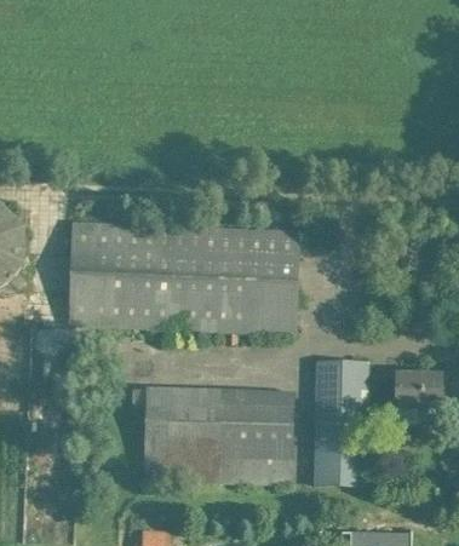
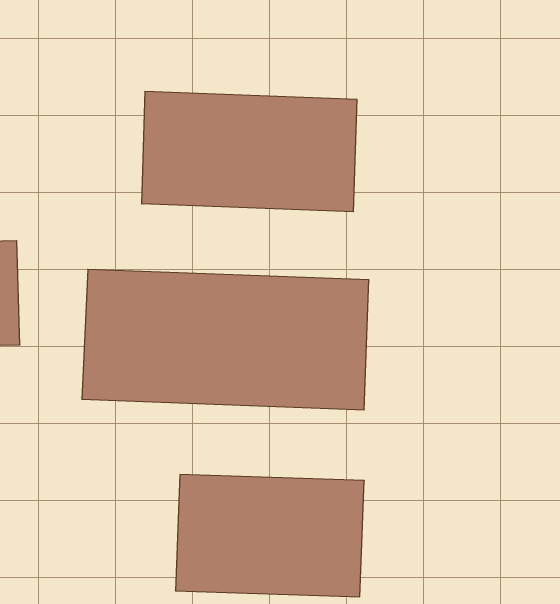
building: none -> [142,91,357,212]
building: [315,361,441,483] -> none

